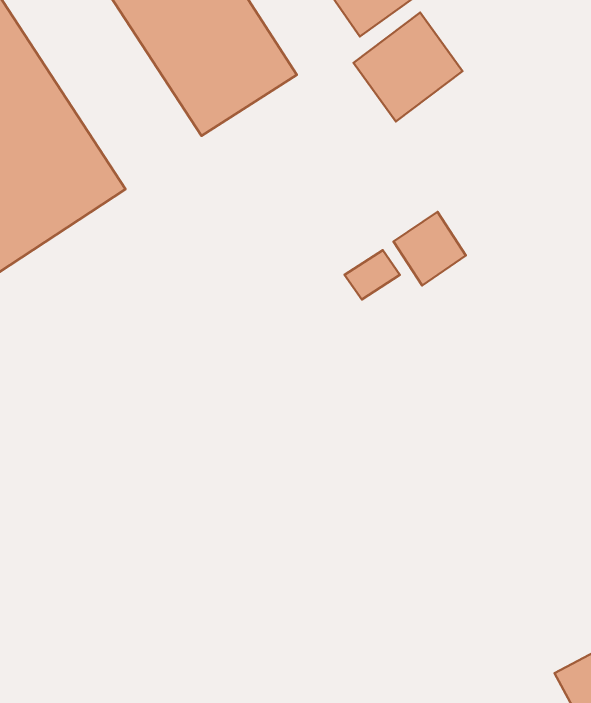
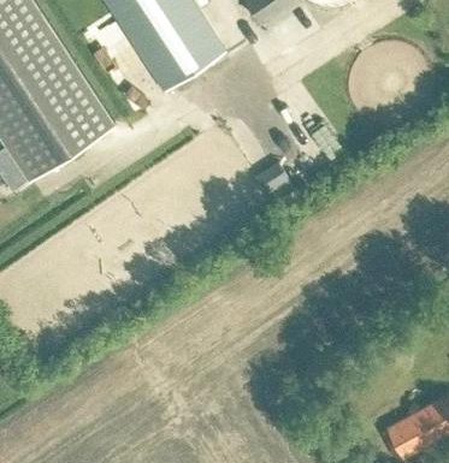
building: [353,13,463,121] -> none
building: [394,212,466,285] -> none

